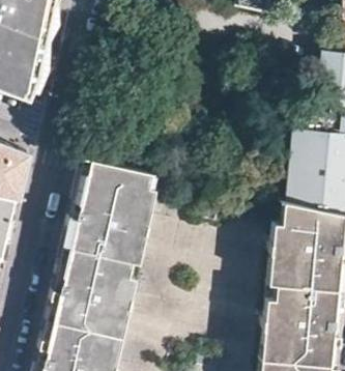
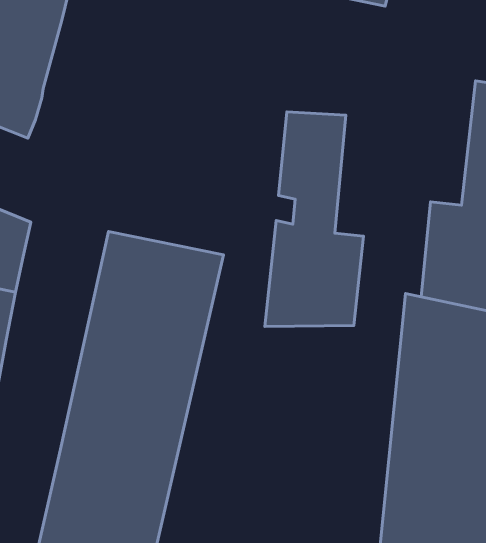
building: none -> [265,112,363,326]

